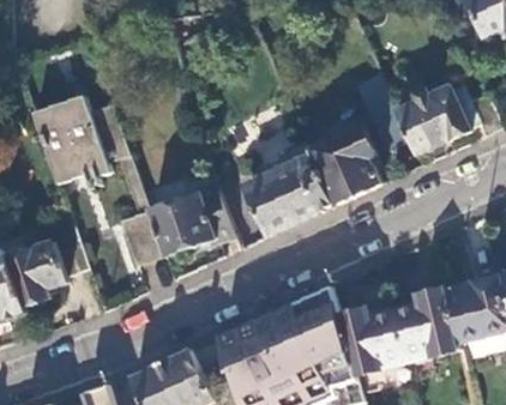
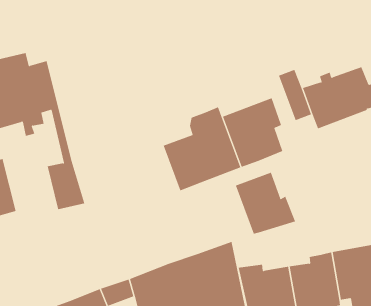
building: [143,189,229,258] -> none
building: none -> [235,172,296,235]

